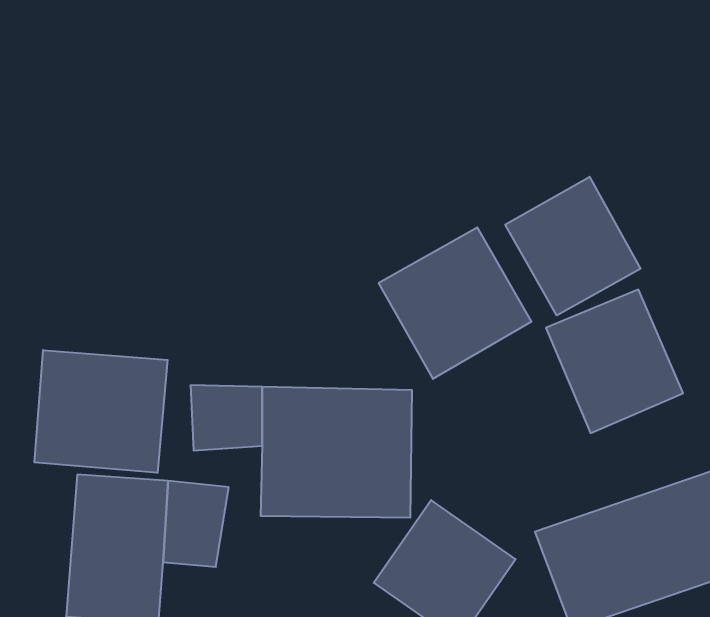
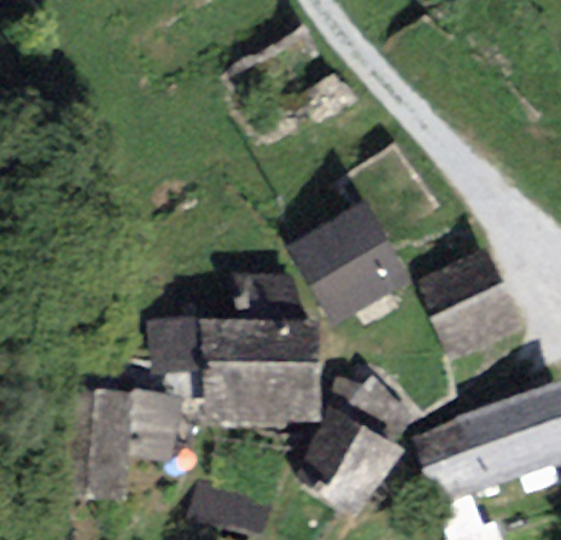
building: [505,177,641,315] -> none
building: [34,350,168,473] -> none

